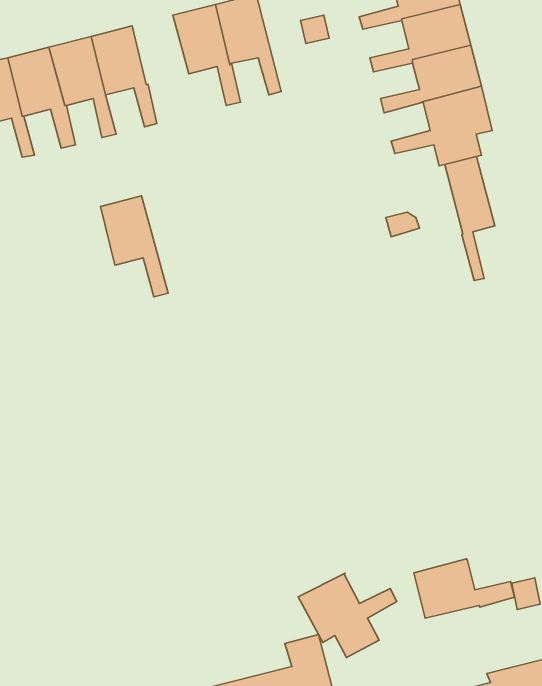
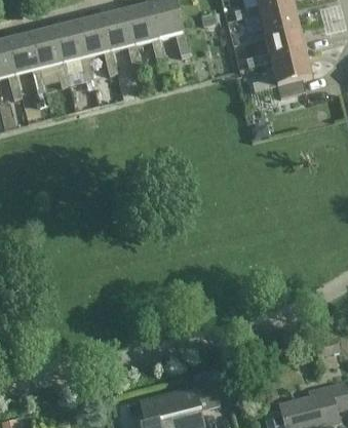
building: [445,157,495,281] -> none
building: [101,196,168,297] -> [103,10,142,69]
building: [414,559,515,618] -> none
building: [298,573,397,658] -> none

